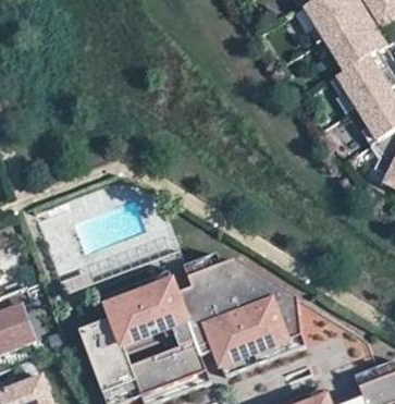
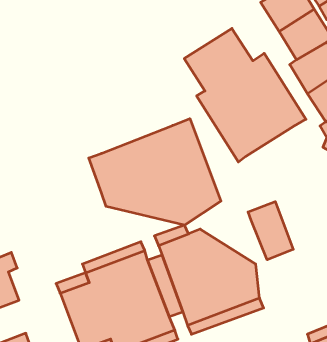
building: none -> [184,28,306,162]
building: none -> [89,119,221,225]
building: none -> [248,202,293,260]

